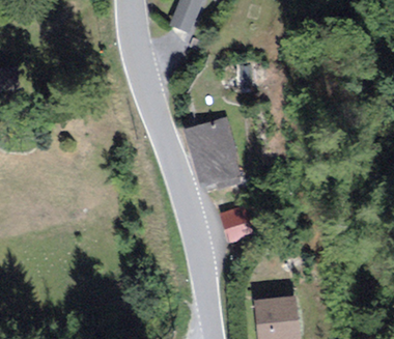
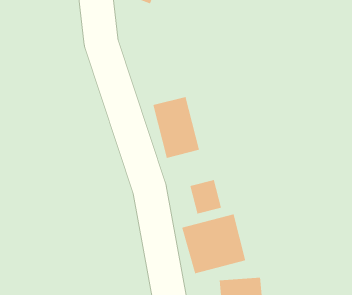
building: none -> [182,213,246,274]

